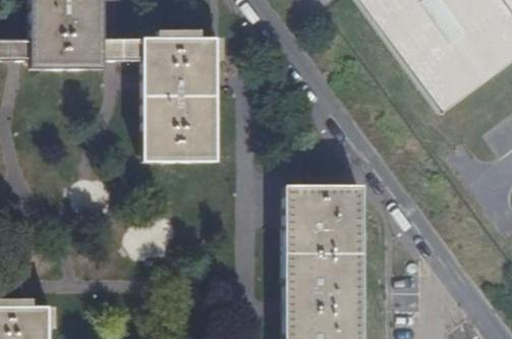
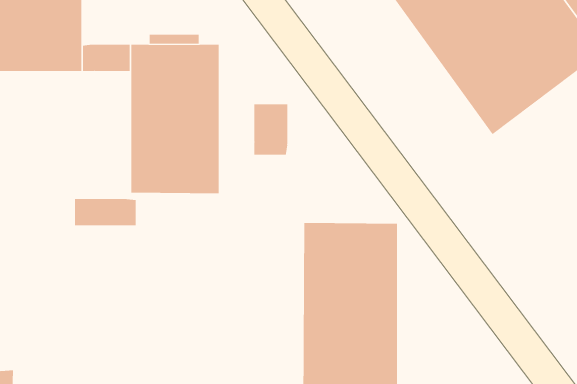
building: none -> [254,103,288,155]
building: none -> [75,198,136,226]

